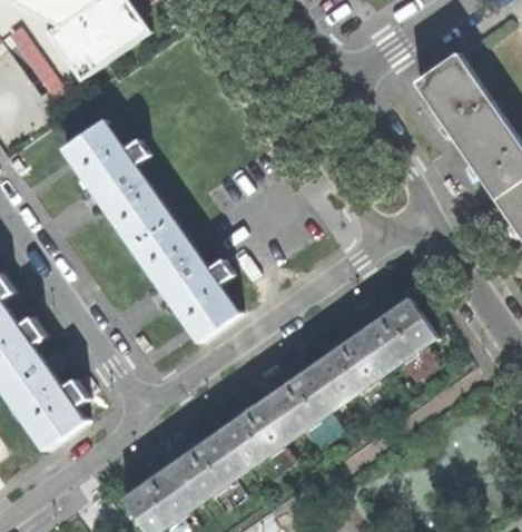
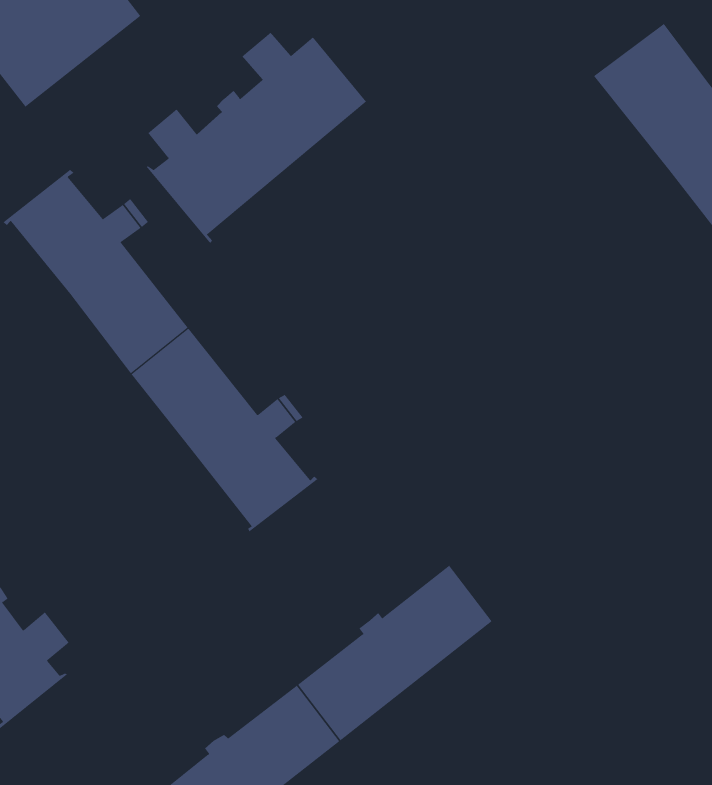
building: none -> [146,32,367,244]
building: [313,297,435,401] -> none

